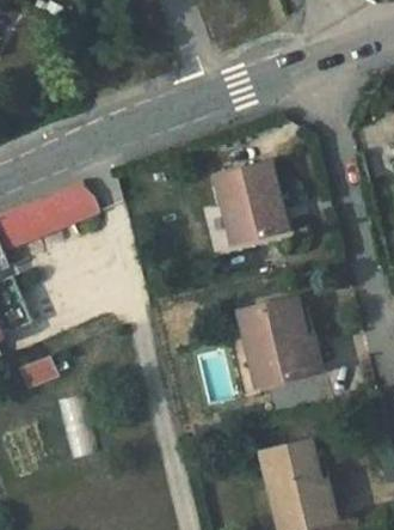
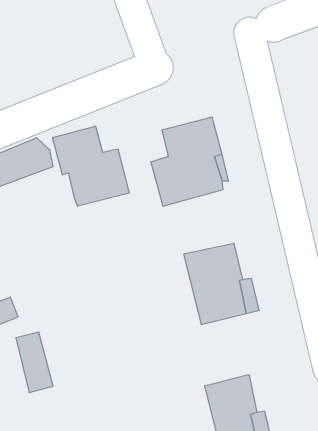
building: none -> [52,126,129,206]

